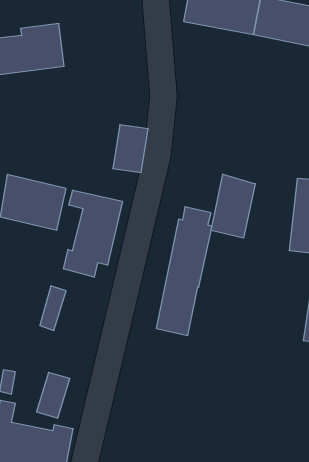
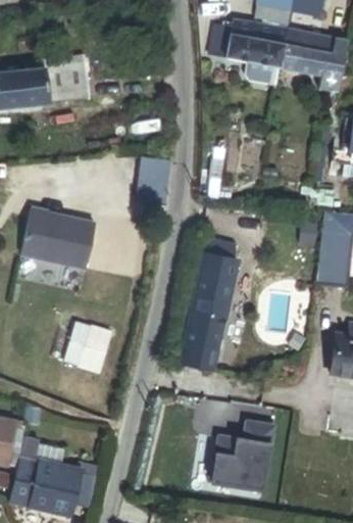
building: [211,174,255,238] -> none
building: [63,190,122,277] -> none
building: [37,372,70,418] -> [80,325,113,371]
building: none -> [213,423,275,491]

